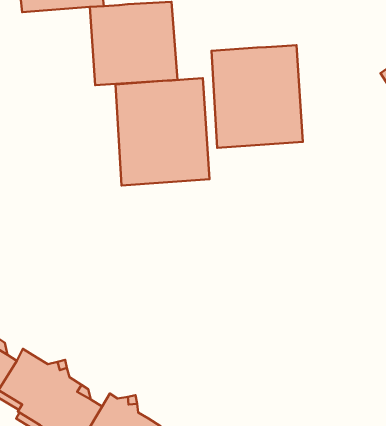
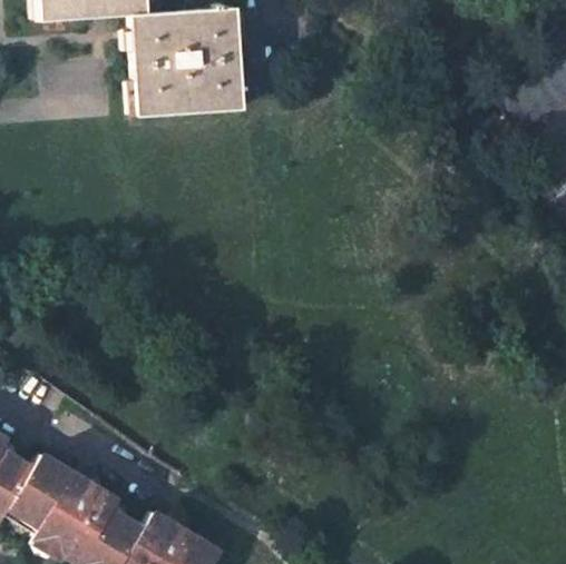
building: [212,45,303,148] -> none
building: [116,78,209,185] -> none

